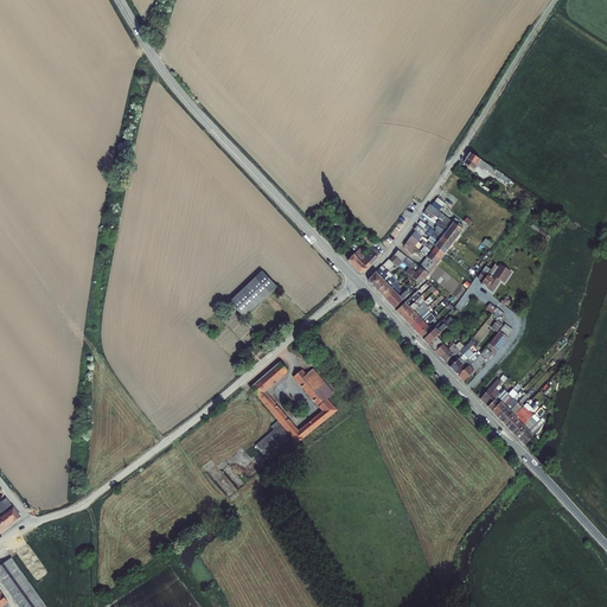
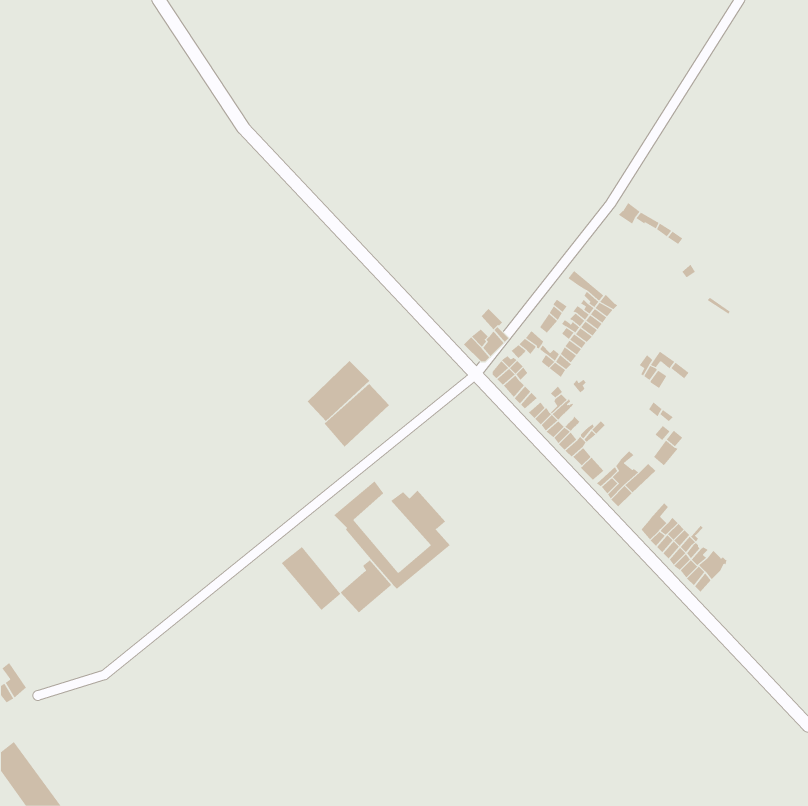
building: none -> [324,383,390,447]
building: none -> [281,546,341,611]

